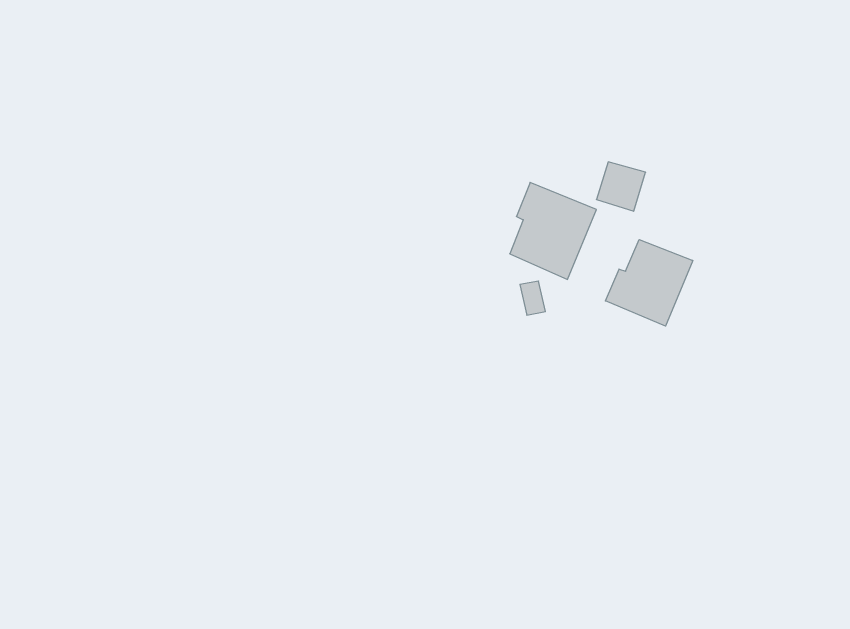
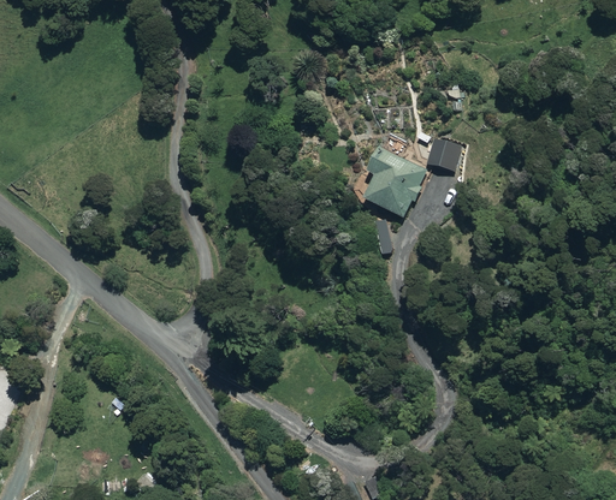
building: [605,240,693,326] -> none

